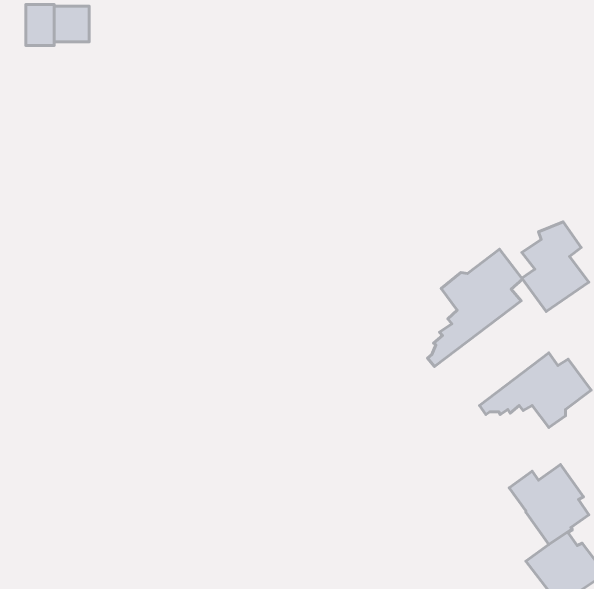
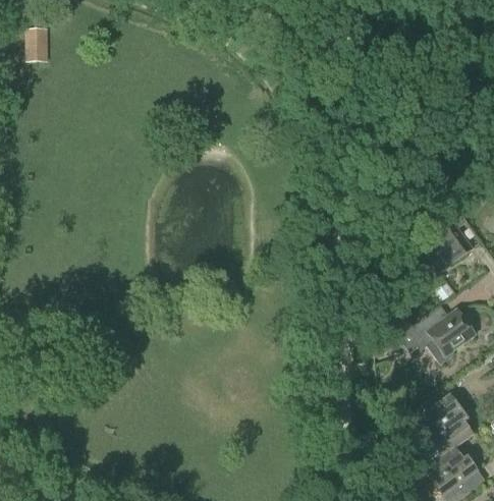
building: [54,6,89,42] -> none
building: [428,249,522,367] -> none

